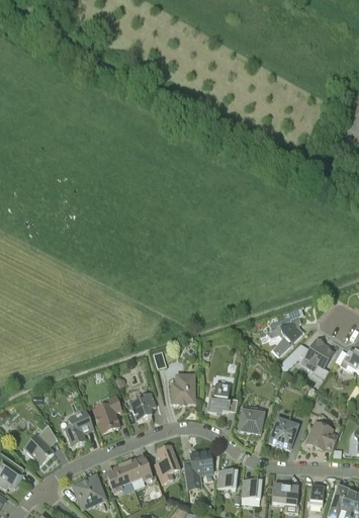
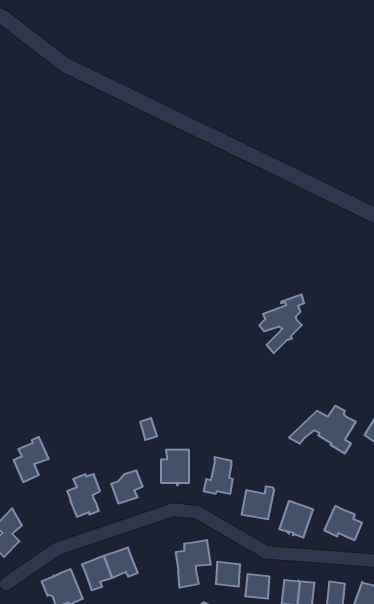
building: [266,308,303,356] -> [259,295,304,353]
building: [64,409,93,446] -> [13,437,49,482]
building: [155,445,180,483] -> none

